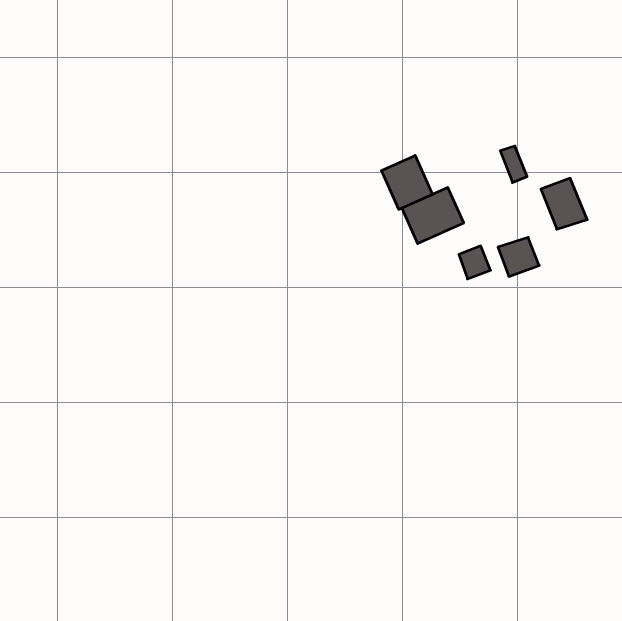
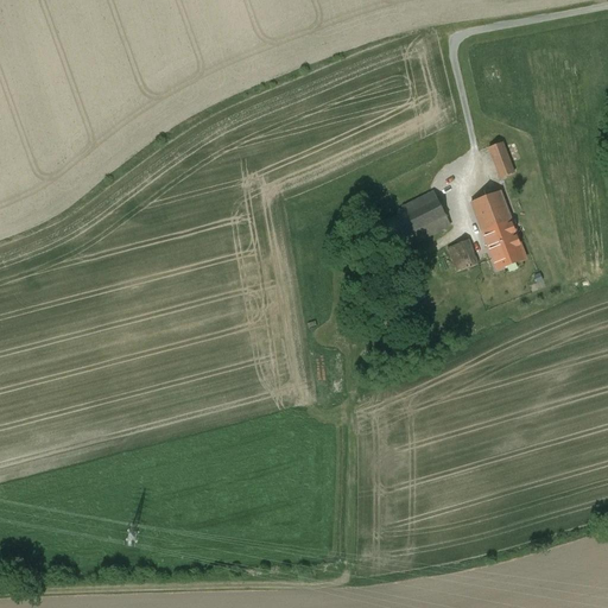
building: [381,155,433,209] -> none
building: [541,178,587,229] -> [470,191,515,241]

